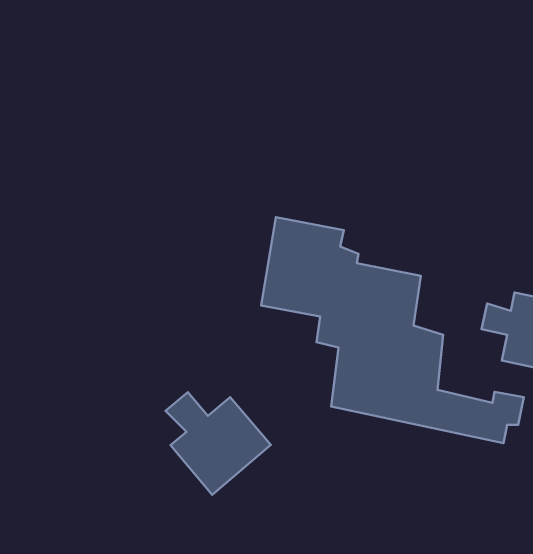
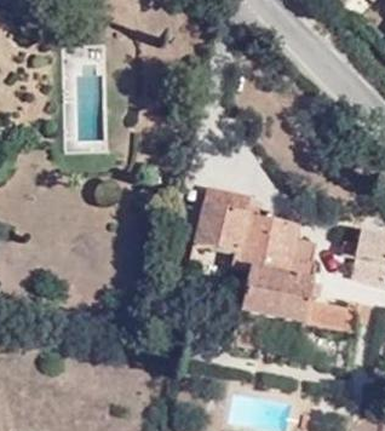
building: [165,392,271,495] -> none

